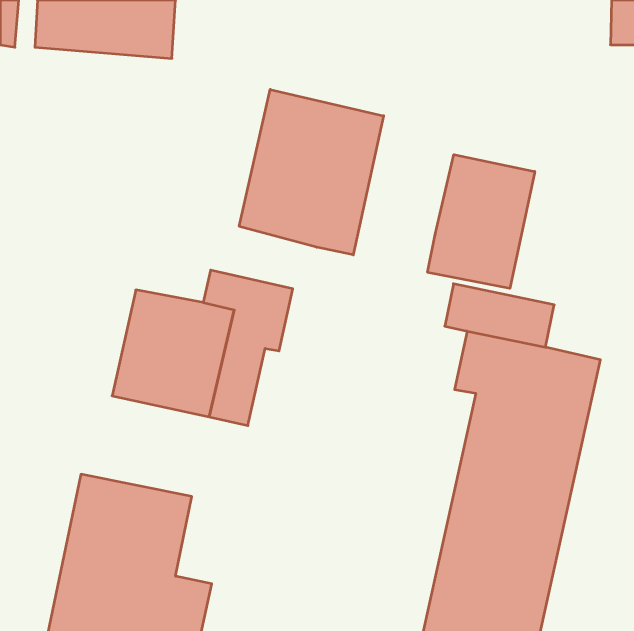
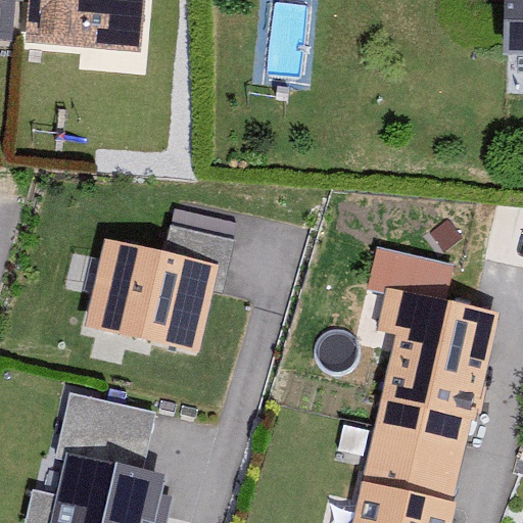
building: [239,89,384,255] -> none
building: [428,155,535,288] -> none

